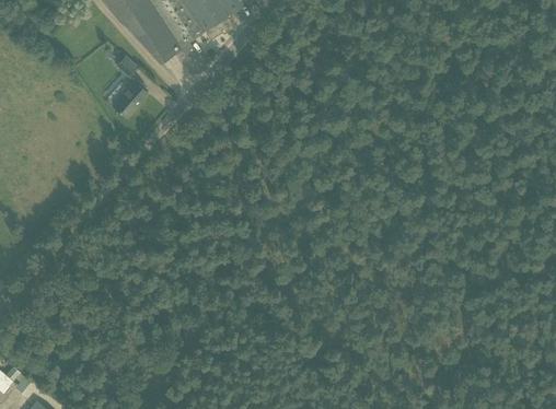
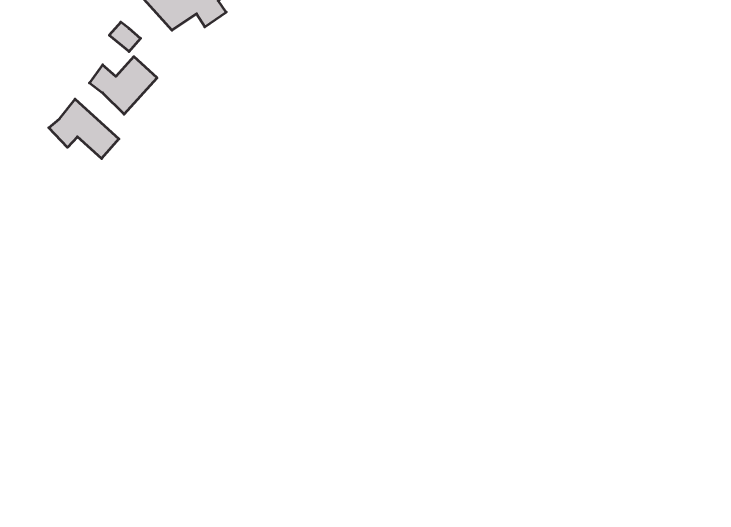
building: none -> [49,99,119,159]

